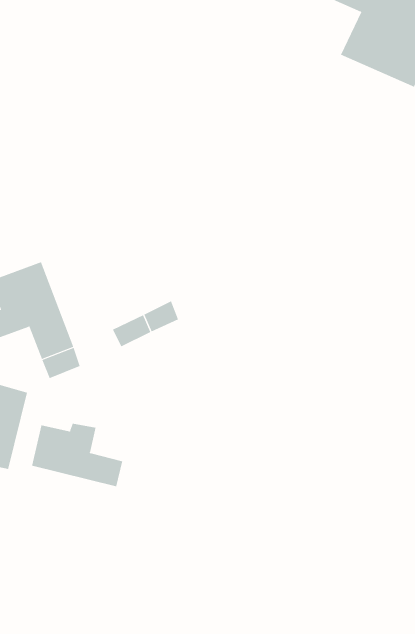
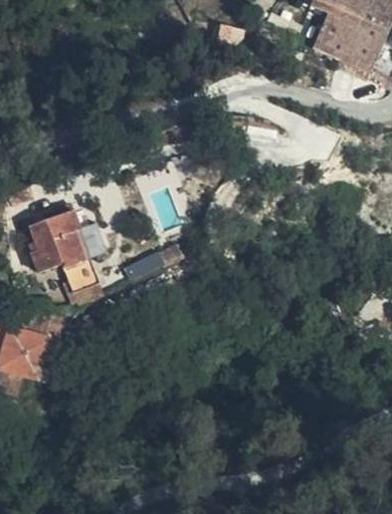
building: [32,423,123,487] -> none

